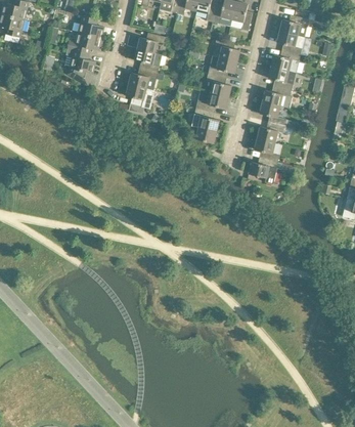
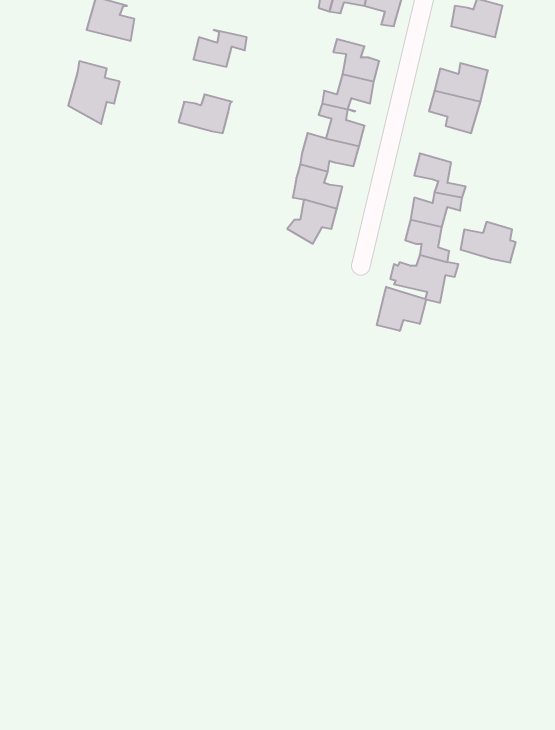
building: [277,30,305,54] -> none
building: [68,32,102,53] -> none
building: [135,48,163,72] -> none
building: [126,83,156,112] -> none
building: [263,85,294,108] -> [461,222,516,263]
building: none -> [377,287,426,331]

